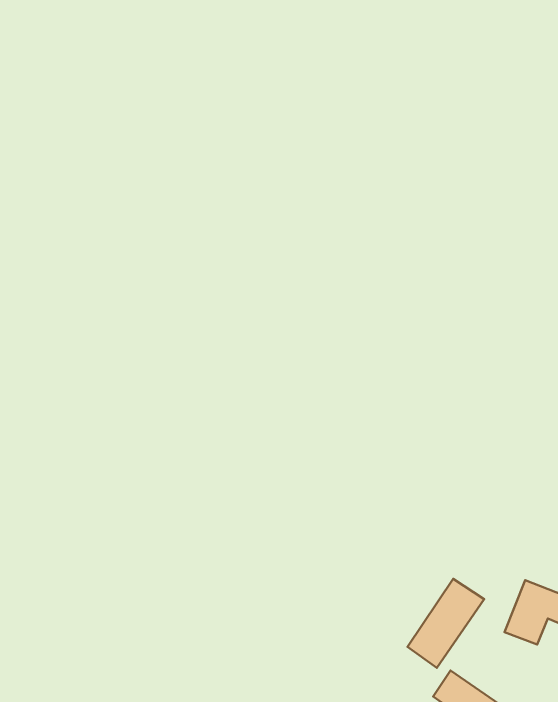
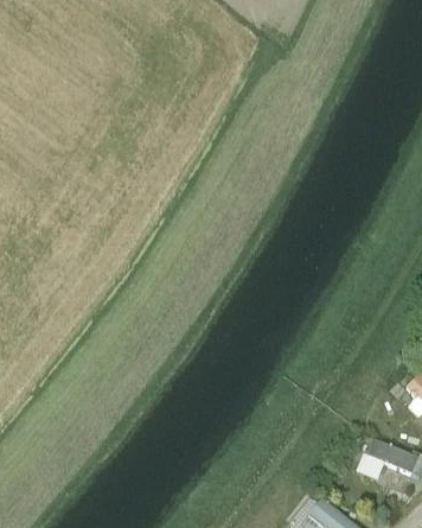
building: [407,579,484,668] -> none

